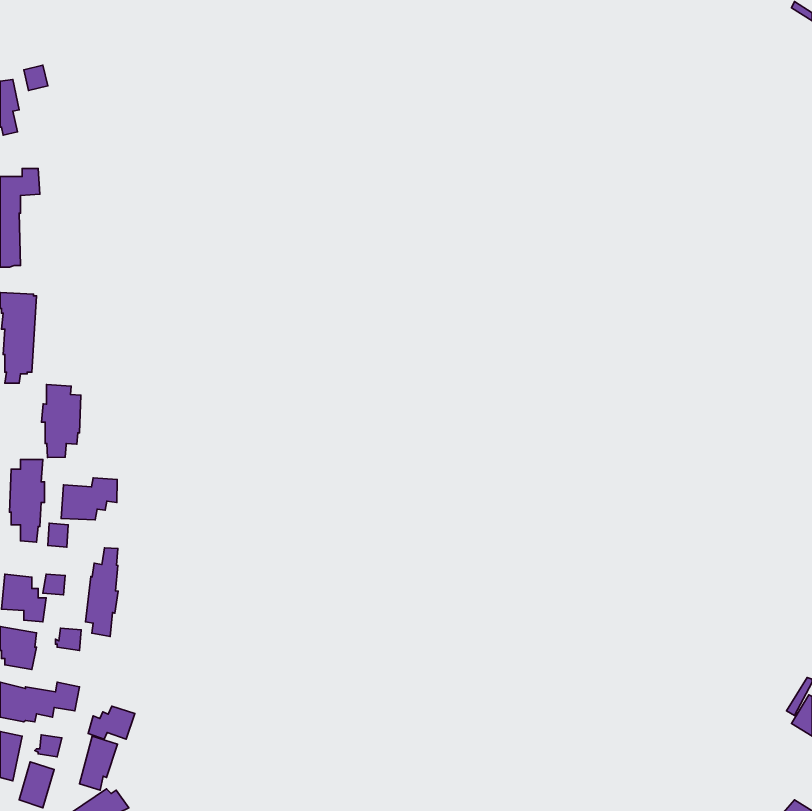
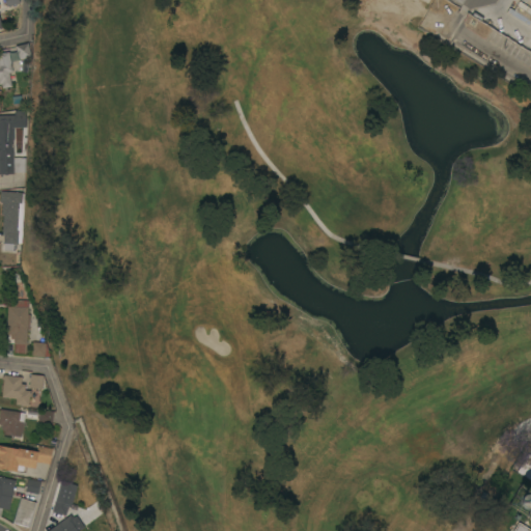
building: [42,384,81,458] -> none
building: [61,478,117,520] -> none
building: [85,548,118,636] -> none
building: [88,706,135,739] -> none

